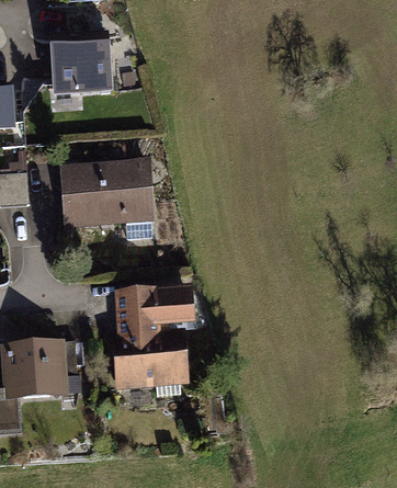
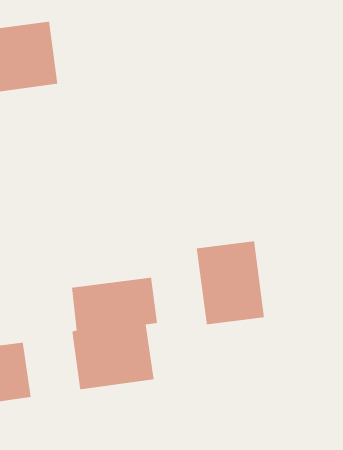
building: [59,157,155,228] -> none
building: none -> [196,240,265,325]

